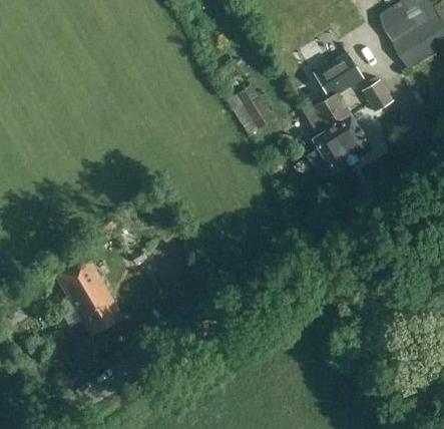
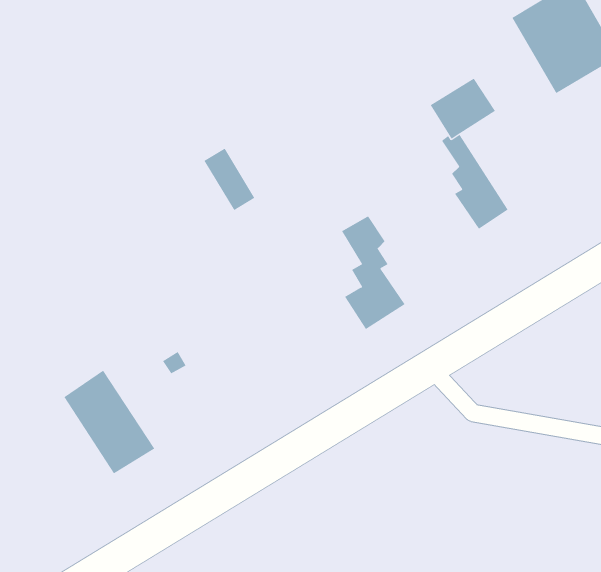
building: [360,78,392,112] -> none
building: [236,84,272,128] -> [204,148,255,211]
building: [306,100,351,180] -> [341,215,406,330]

